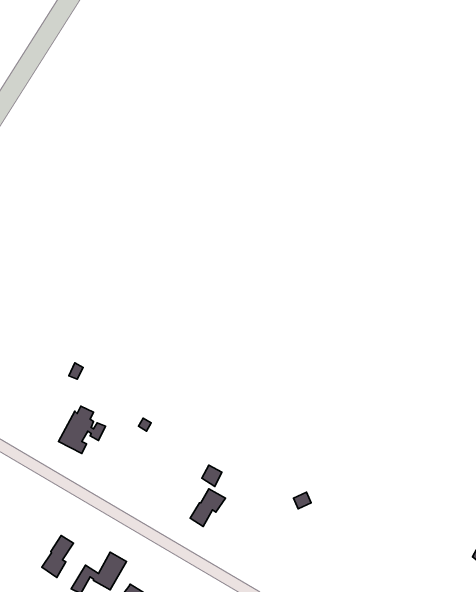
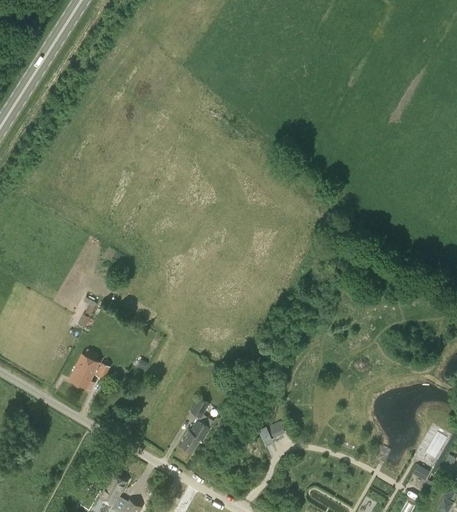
building: [42,535,74,577] -> none

